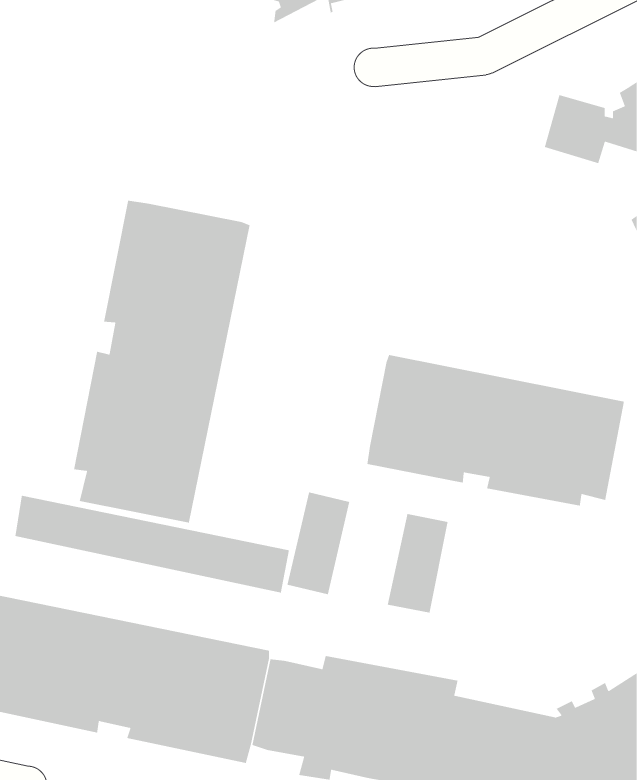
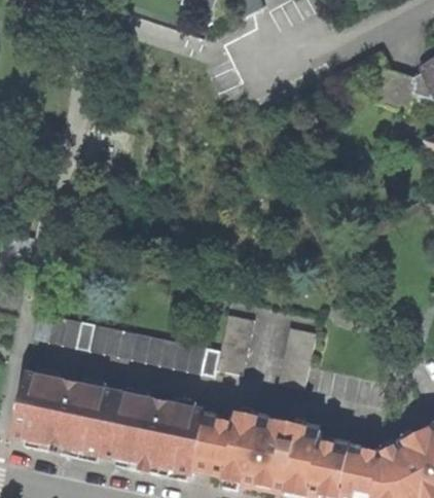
building: [73,200,250,523] -> none
building: [367,354,625,507] -> none

